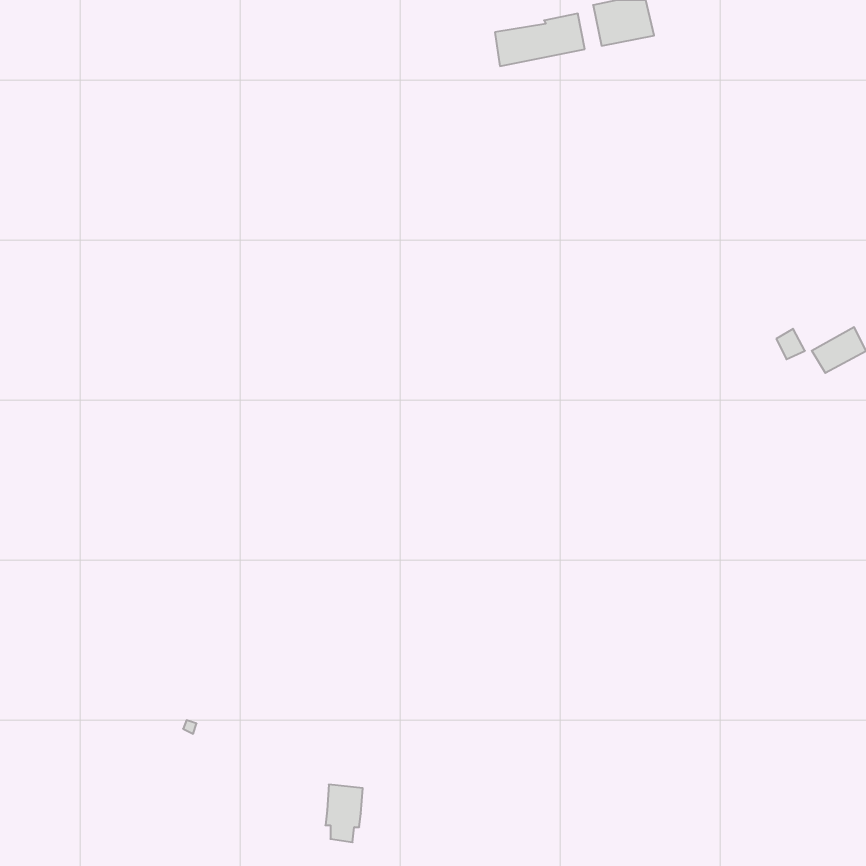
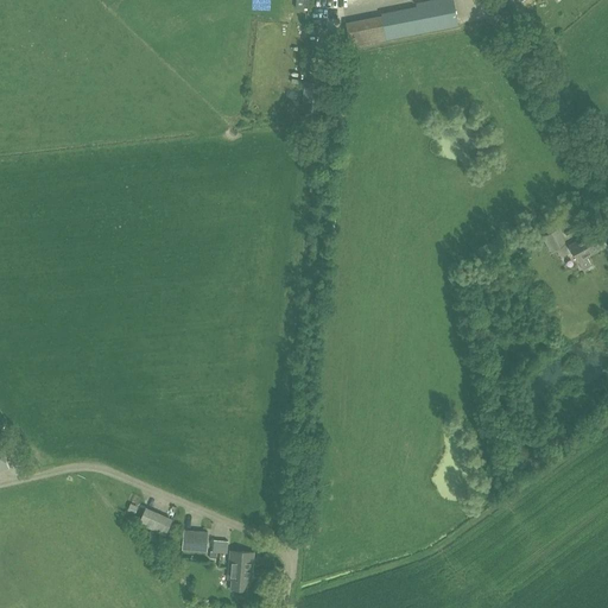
building: none -> [139,507,172,536]
building: none -> [182,528,208,551]

